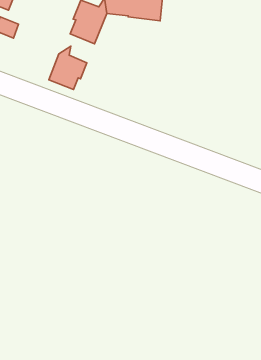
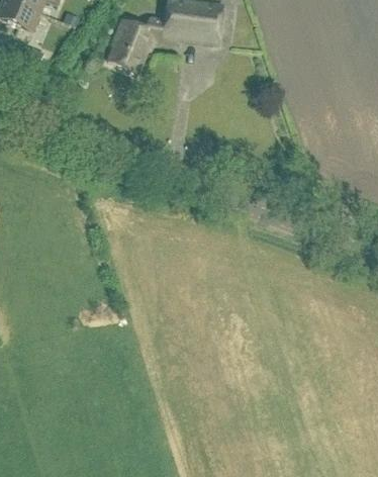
building: [49,46,87,90] -> none

